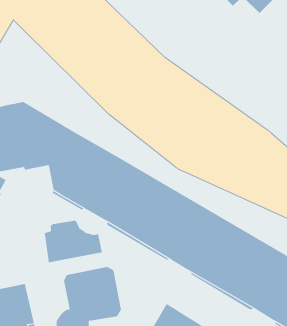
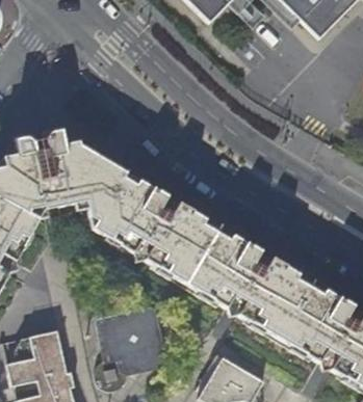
building: [44,220,103,263] -> none

